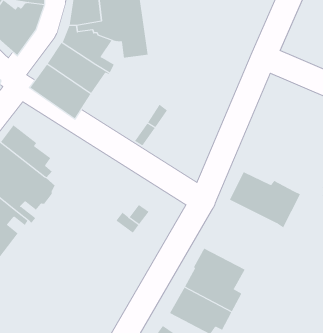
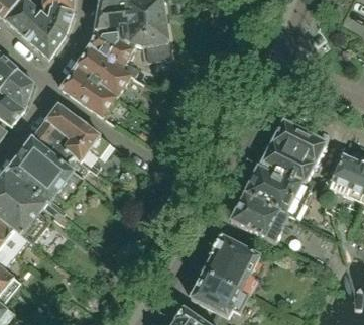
building: none -> [43,102,109,168]
building: none -> [259,117,327,183]
building: none -> [228,191,288,242]

